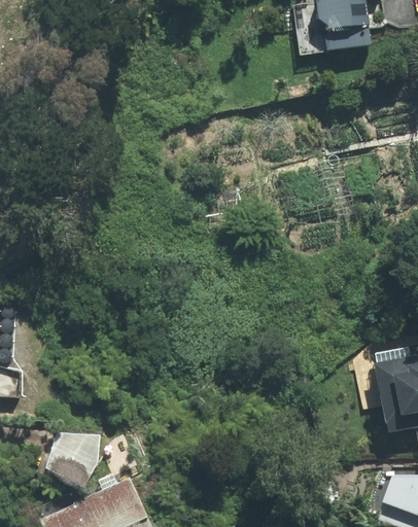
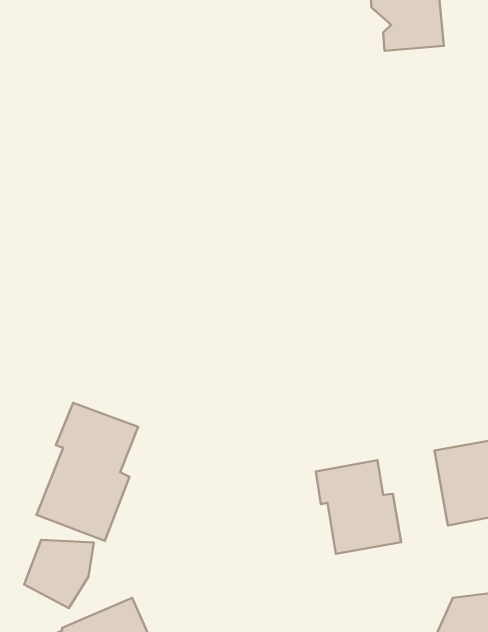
building: none -> [37,403,138,541]
building: none -> [316,460,401,554]

